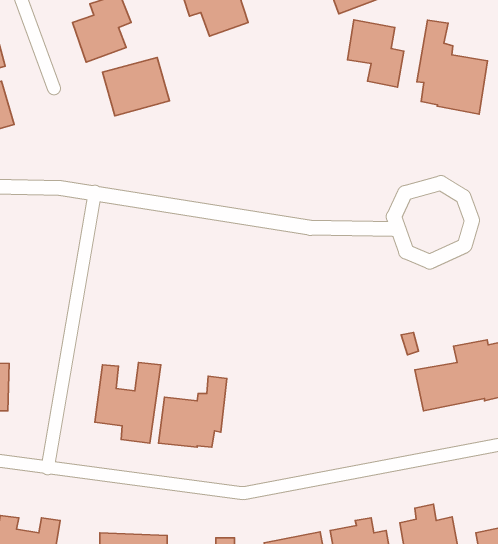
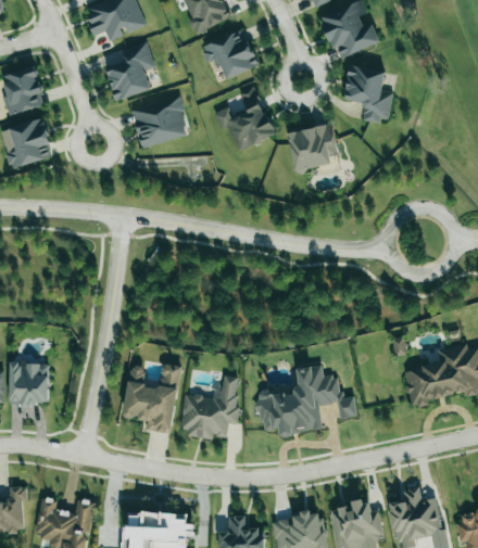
building: [417,20,488,114] -> none
building: none -> [214,85,275,150]
building: none -> [288,124,338,170]
building: none -> [256,365,357,435]

